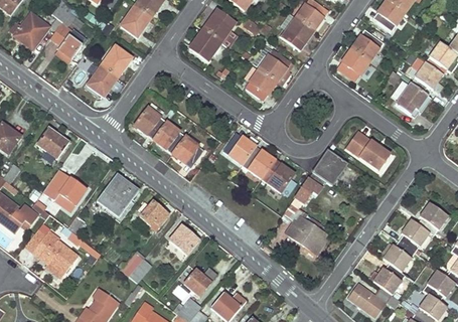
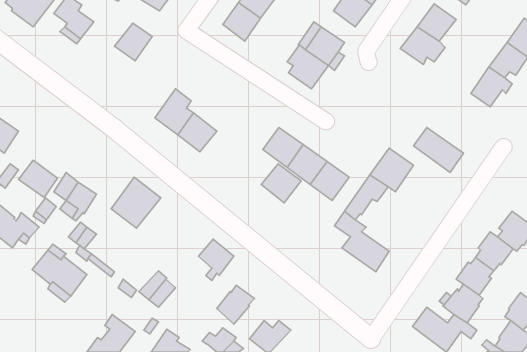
building: [87,65,117,97] -> none
building: [35,127,67,158] -> [19,160,57,198]
building: [170,136,203,168] -> [261,164,301,203]
building: [139,200,168,225] -> none

